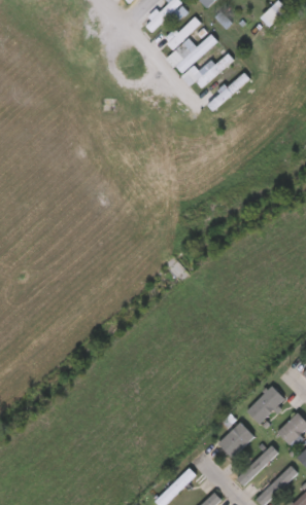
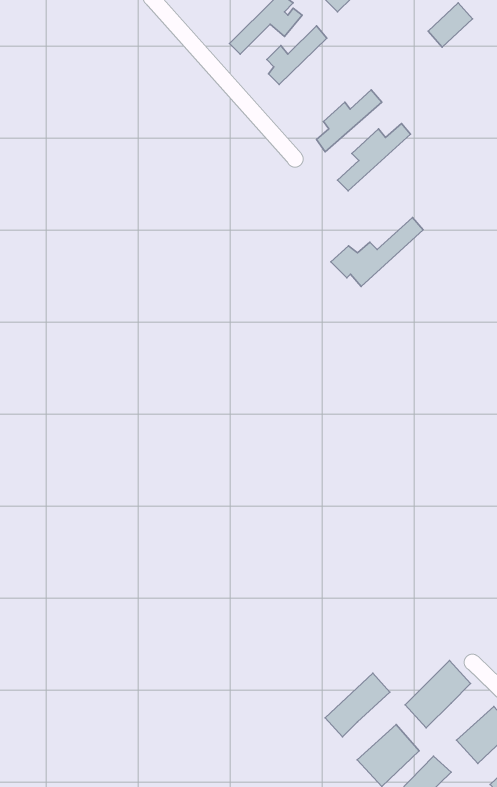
building: [165,33,218,73] -> [331,218,423,287]
building: none -> [325,673,390,737]

